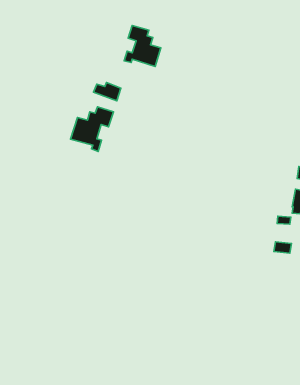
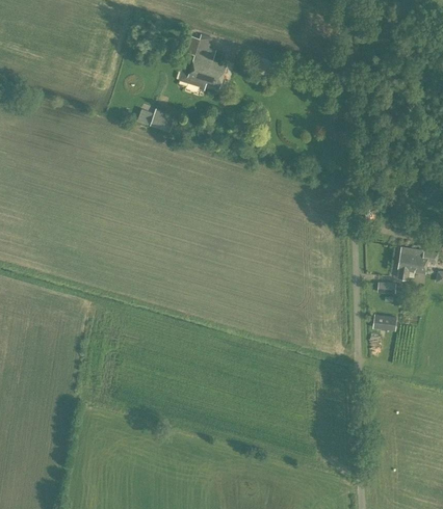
building: [71,107,113,151] -> none

